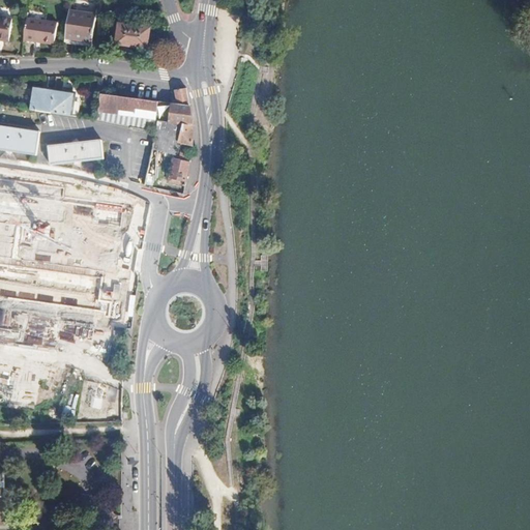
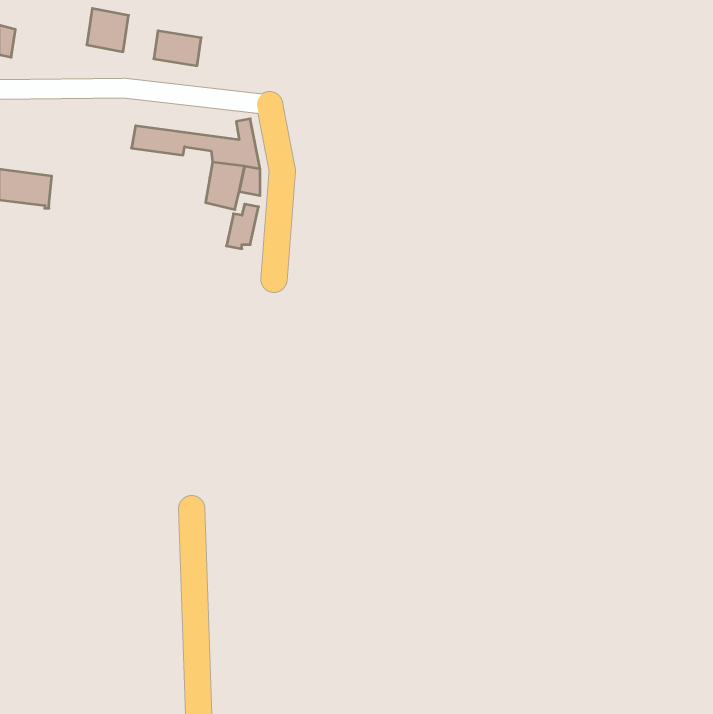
building: [23,20,56,47] -> none
building: [28,87,73,116] -> none
building: [47,140,102,166] -> none

